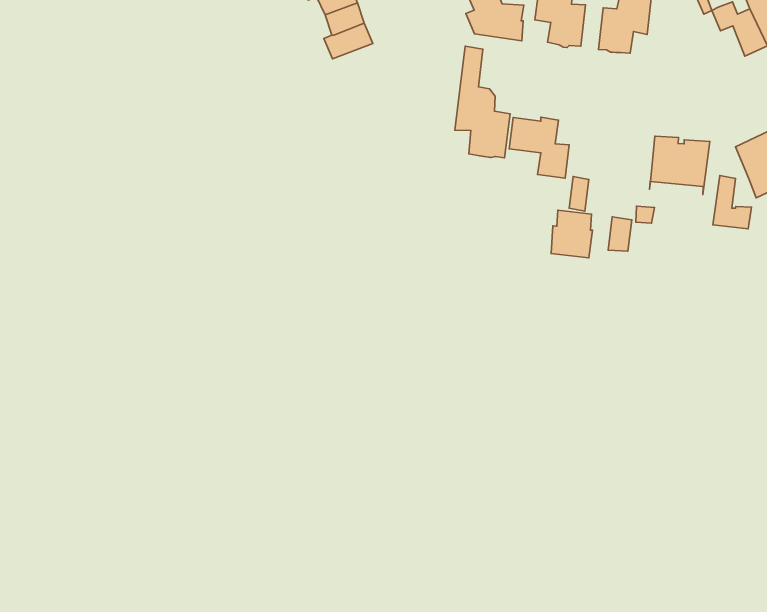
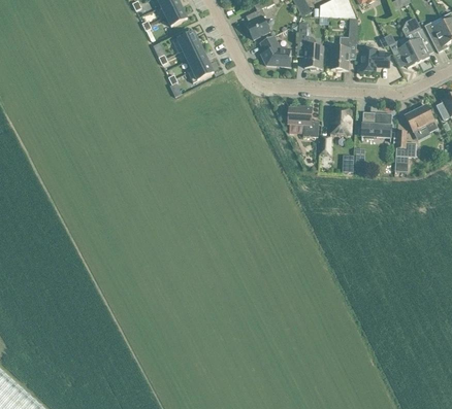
building: none -> [360,47,389,70]
building: [455,46,510,158] -> none
building: [551,210,592,258] -> [330,109,351,133]

